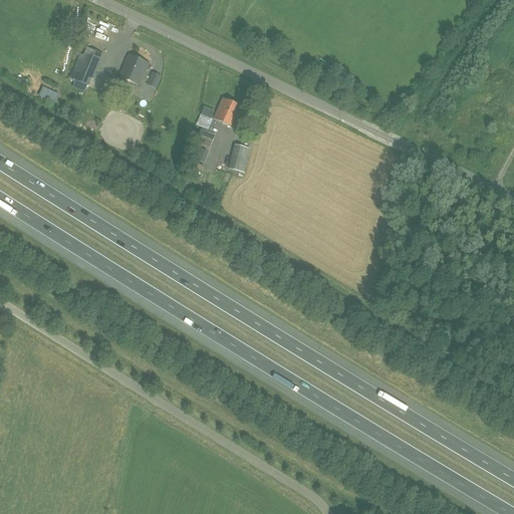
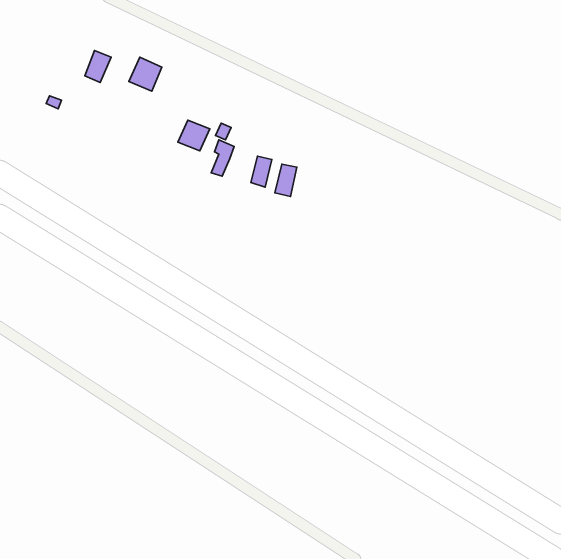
building: [213,96,242,124] -> [178,120,210,151]
building: none -> [275,164,297,197]

